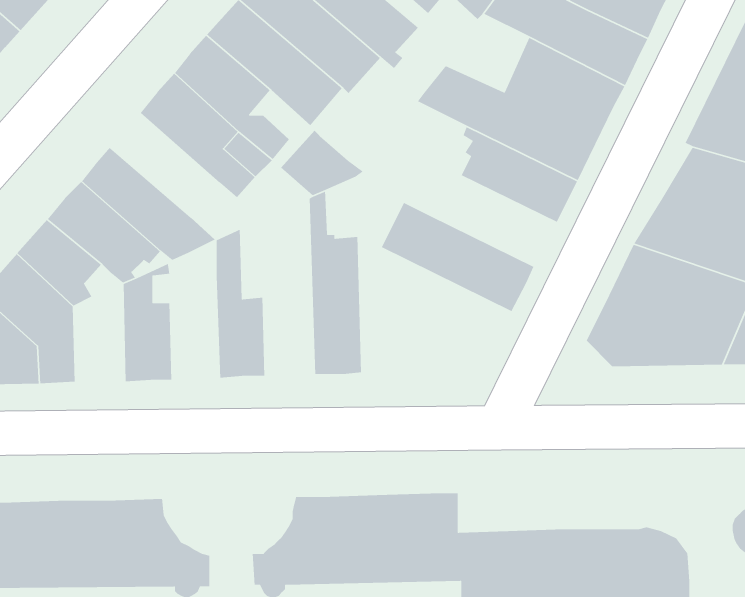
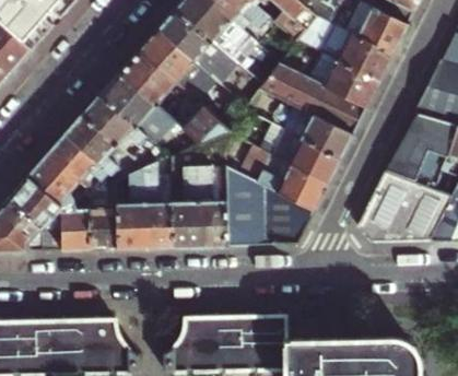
building: none -> [83,94,171,167]
building: none -> [268,130,341,183]
building: none -> [172,143,201,246]
building: none -> [226,165,315,244]
building: none -> [117,175,146,248]
building: none -> [62,192,92,249]

